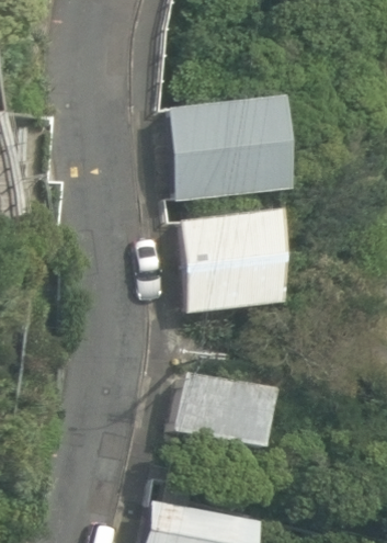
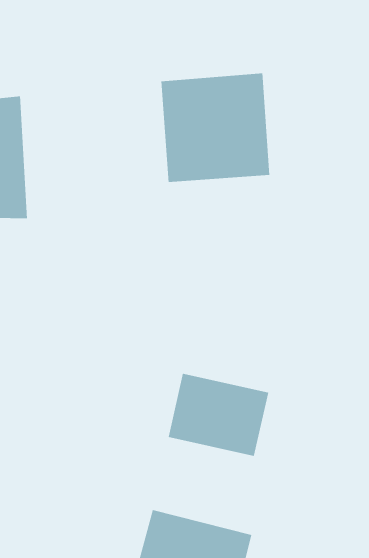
building: [180,211,271,312] -> none

